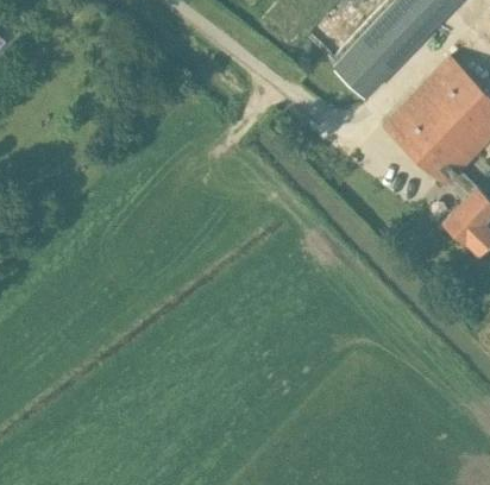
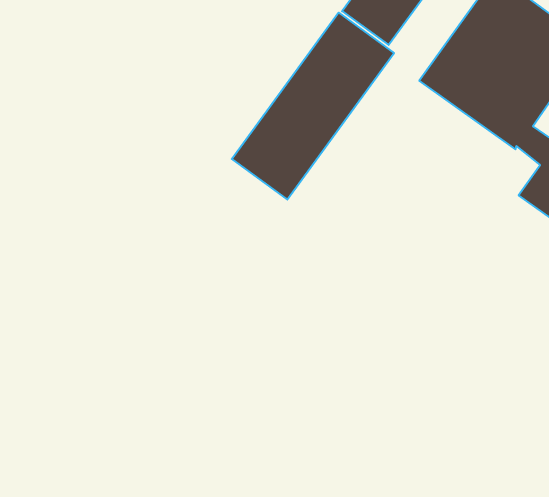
building: none -> [232,13,394,200]

